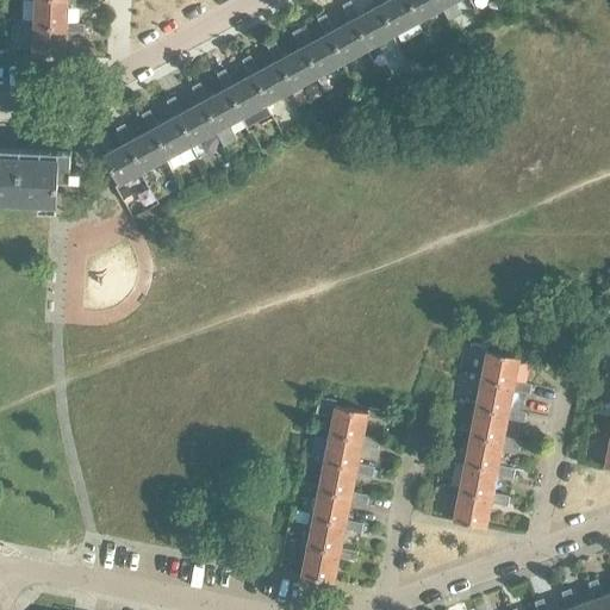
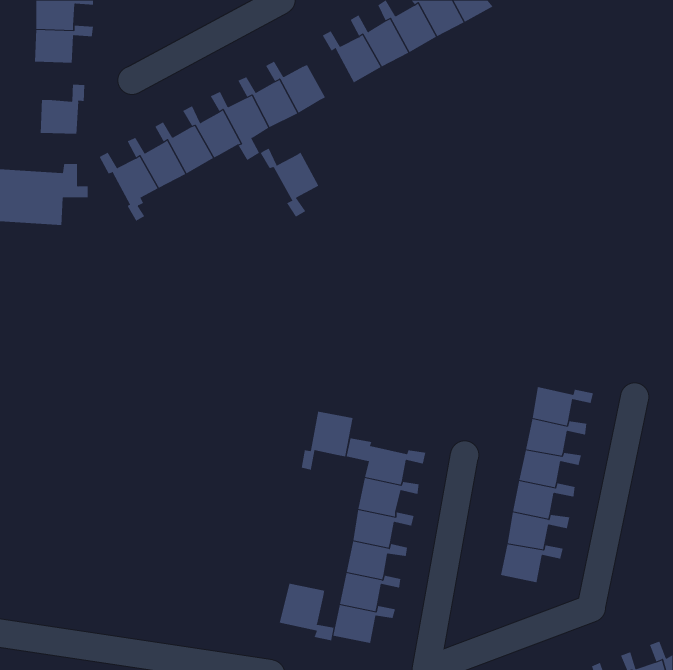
building: [266,44,319,107] -> [260,148,319,218]
building: none -> [40,84,85,134]
building: none -> [301,411,353,471]
building: none -> [279,583,334,641]

